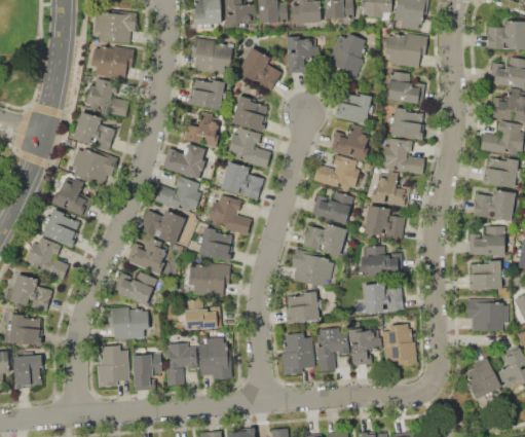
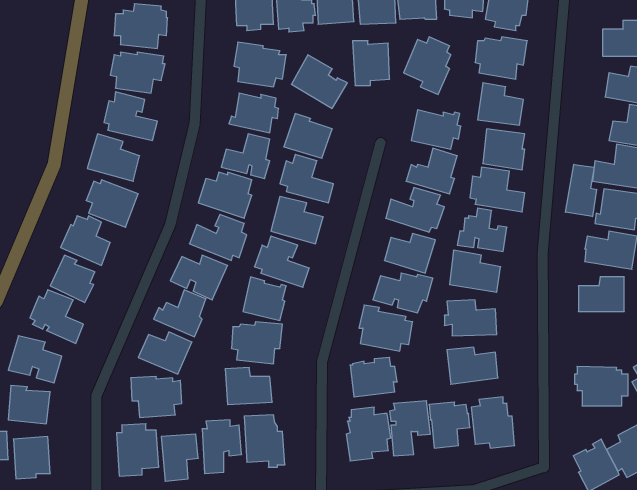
building: none -> [565,164,597,217]
building: [467,260,505,290] -> none

